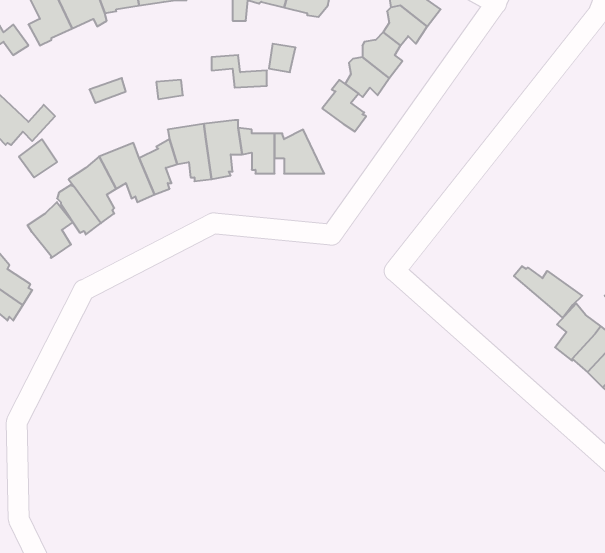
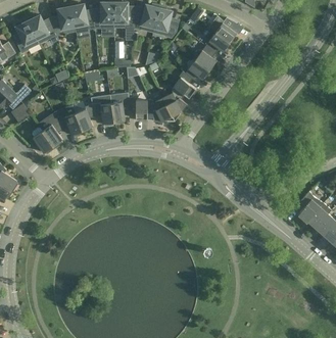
building: none -> [162,87,187,122]
building: [28,202,73,258] -> none
building: [514,266,582,318] -> none

